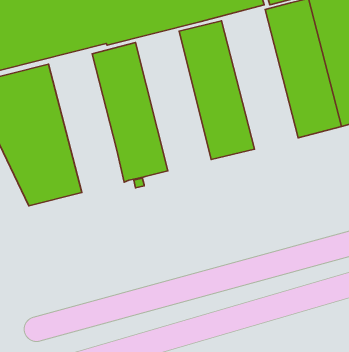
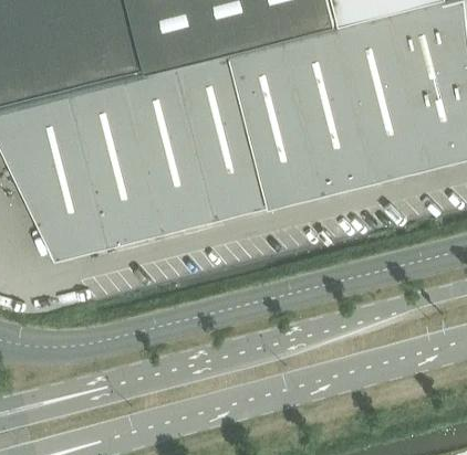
building: none -> [278,24,367,188]
building: none -> [177,50,266,213]
building: none -> [75,76,164,239]

